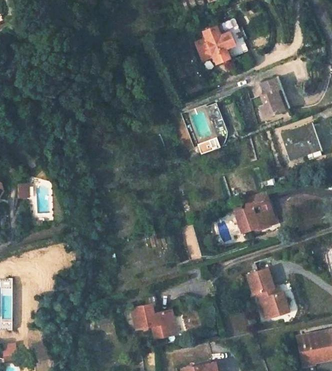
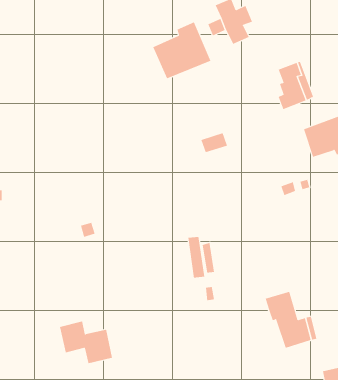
building: none -> [152,21,211,79]
building: [238,191,278,231] -> none
building: [131,303,176,339] -> [59,321,113,364]

